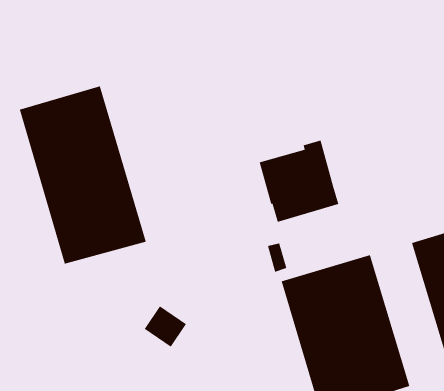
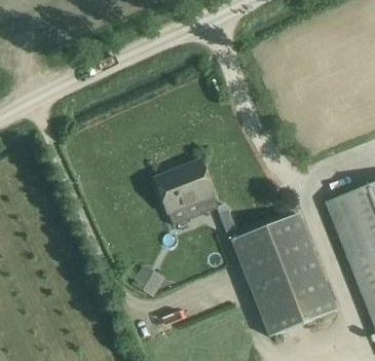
building: [19,85,146,265] -> none
building: [259,140,339,222] -> [155,158,218,223]

